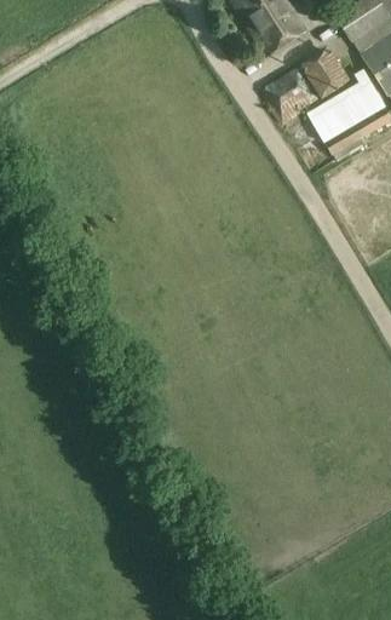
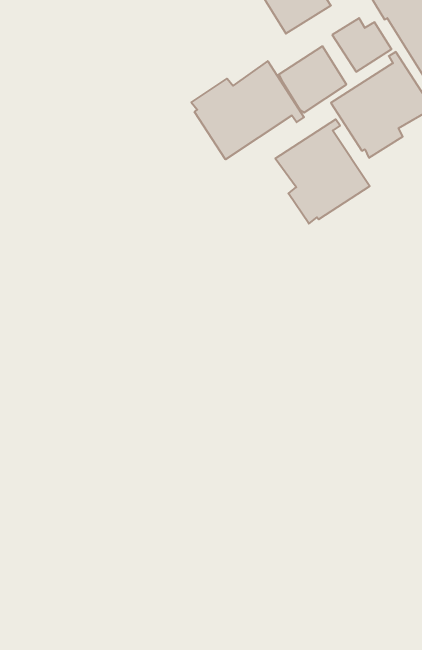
building: none -> [191,61,304,159]
building: none -> [275,119,370,224]

